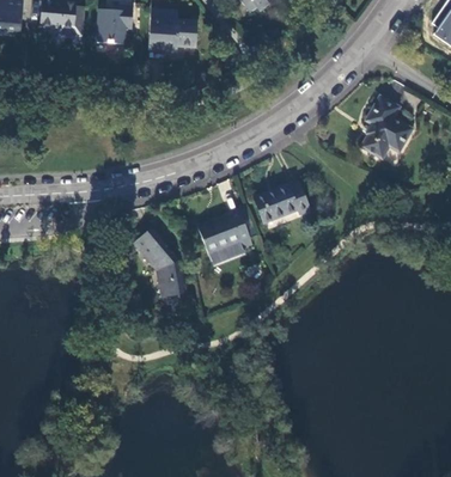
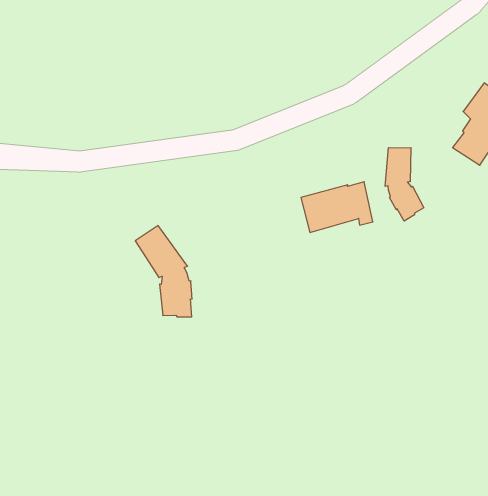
building: none -> [385,148,424,221]
building: [199,210,255,255] -> none

